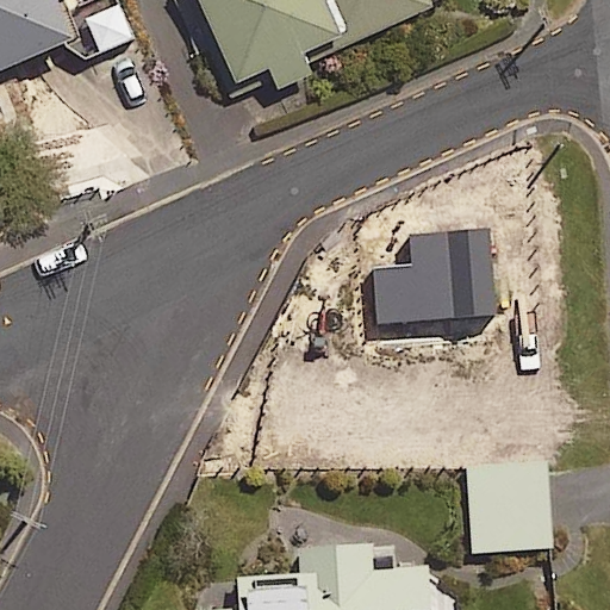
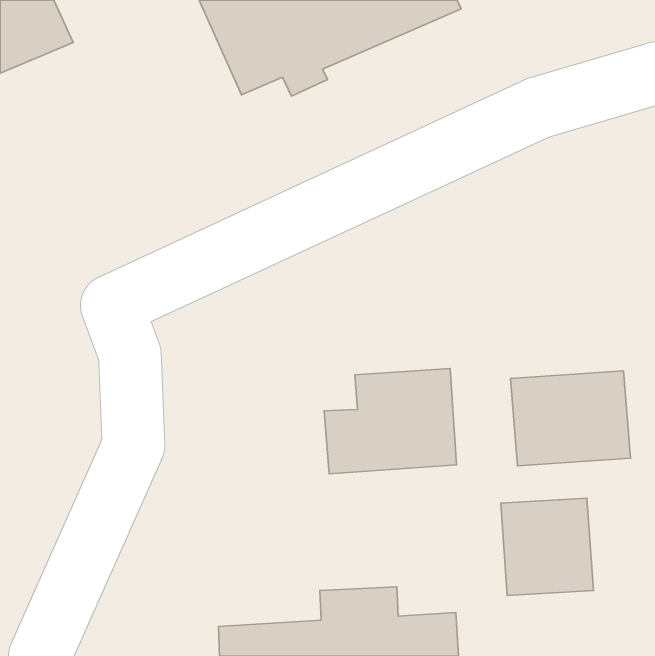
building: [374,226,497,324] -> [324,368,456,474]
building: none -> [510,371,631,466]

